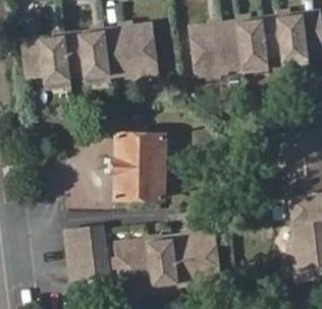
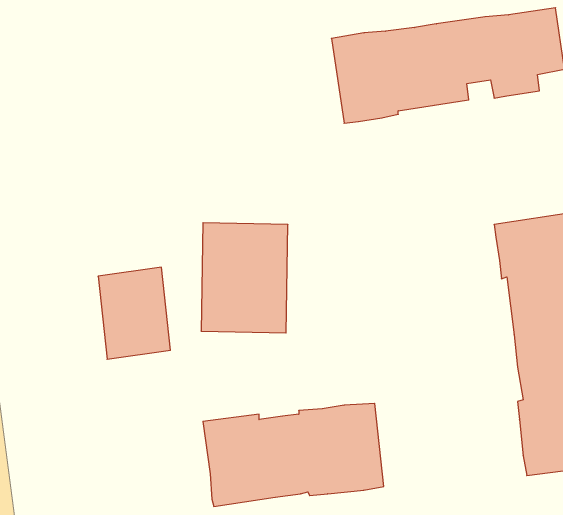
building: [20,25,155,85] -> none
building: [66,228,107,280] -> [98,267,170,359]

